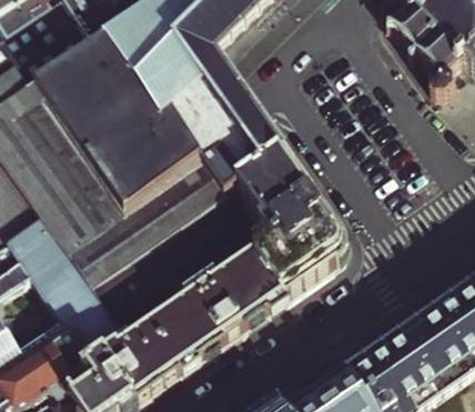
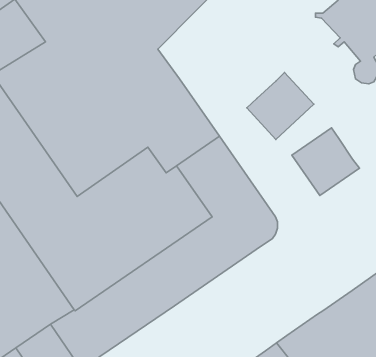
building: none -> [247,73,314,139]
building: none -> [292,128,359,195]

